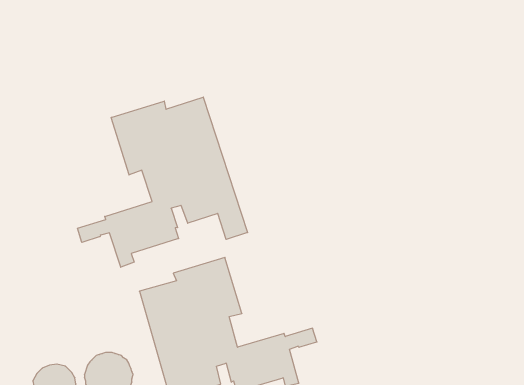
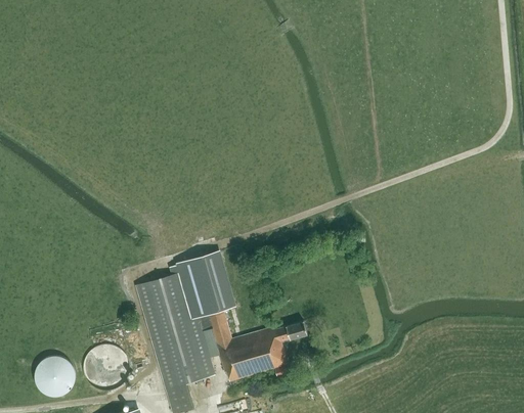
building: [78,97,248,267] -> none

